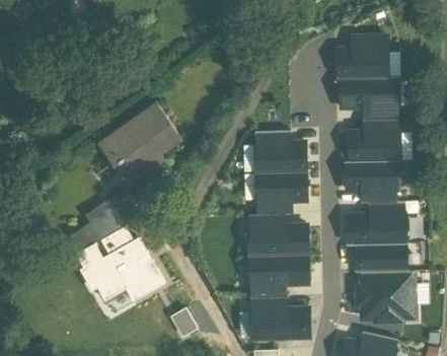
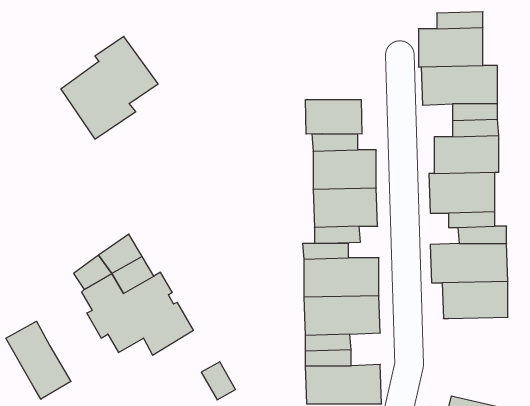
building: [105,101,180,181] -> [61,36,158,139]
building: none -> [306,99,362,134]
building: [357,271,415,322] -> none
building: none -> [6,321,71,399]

